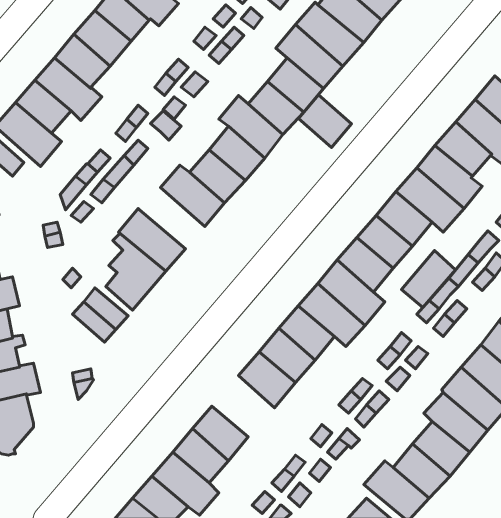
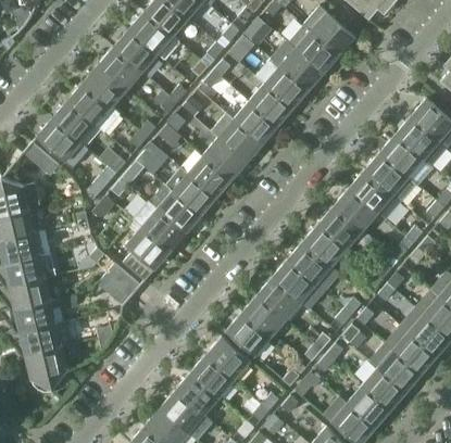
building: [298,95,352,147] -> none
building: none -> [150,182,201,231]
building: [401,250,456,308] -> none
building: none -> [206,336,250,378]

